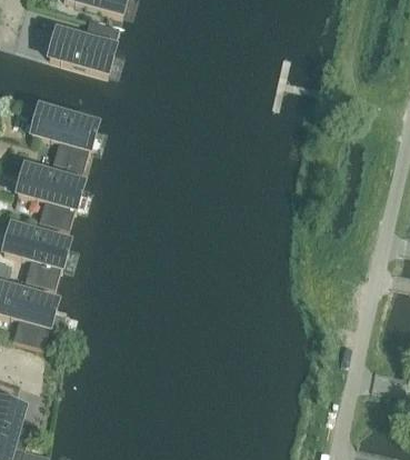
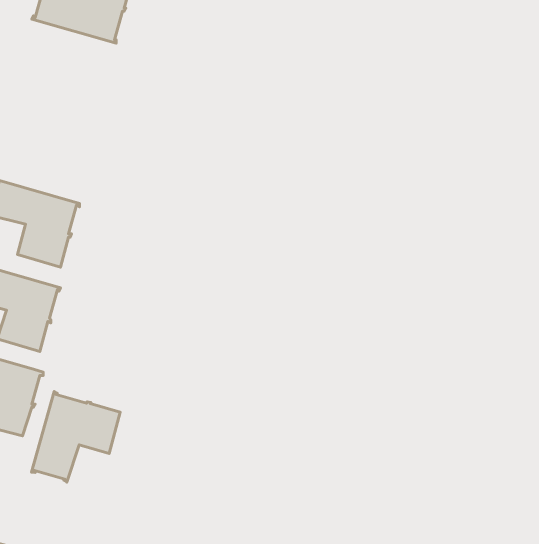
building: [31,107,97,168] -> none
building: none -> [31,392,120,482]

